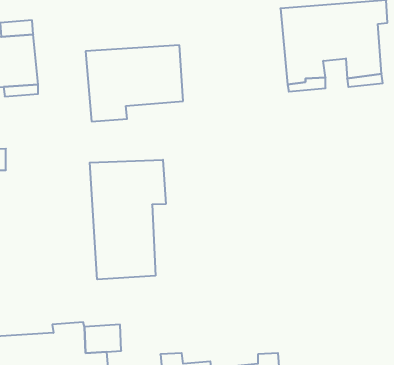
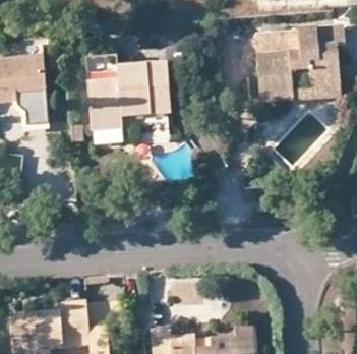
building: [90,160,166,279] -> none

